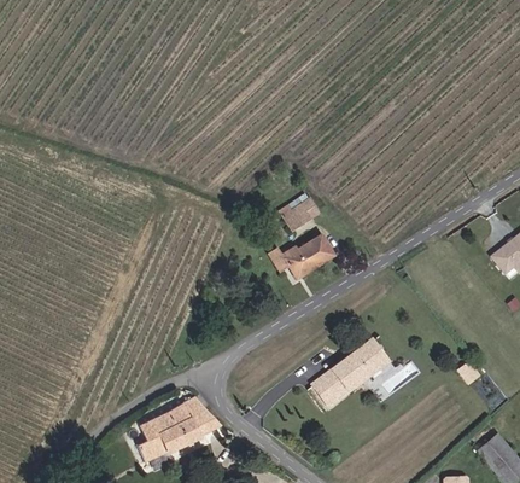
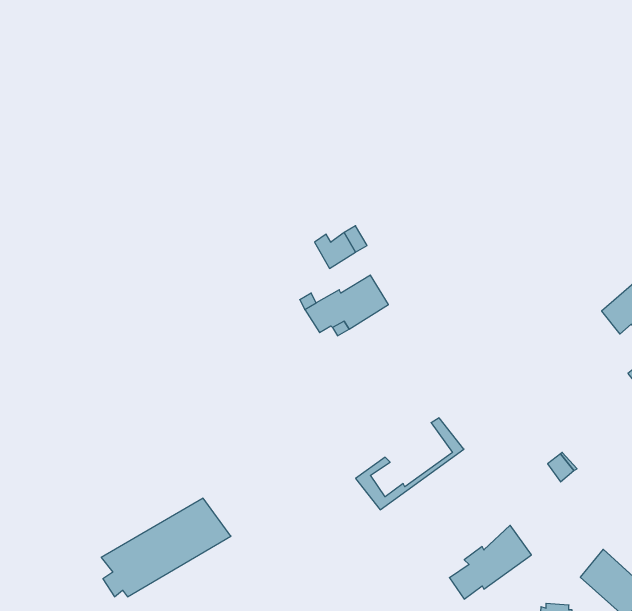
building: [322,341,382,395] -> [449,525,531,599]

